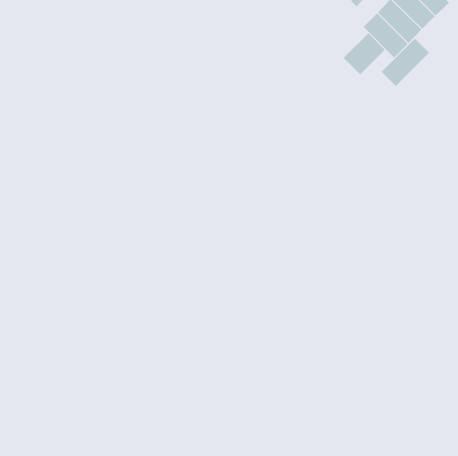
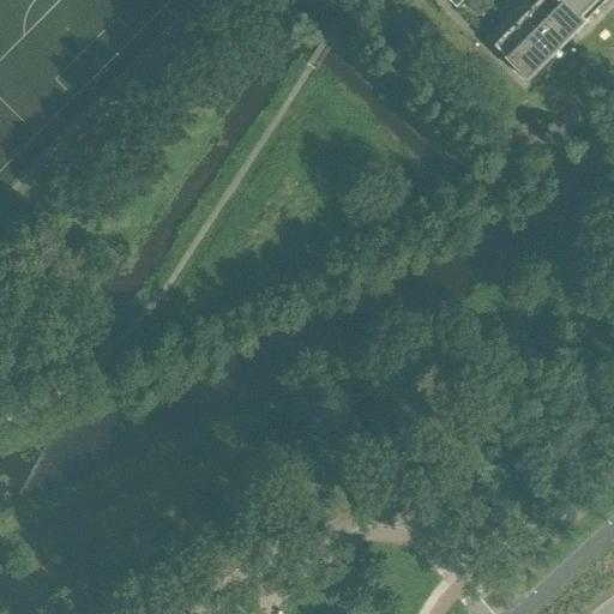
building: [343,32,386,75] -> none
building: [381,38,430,87] -> none

